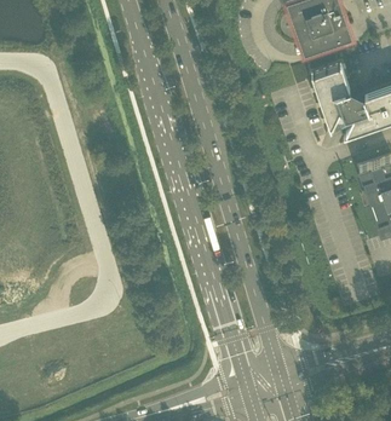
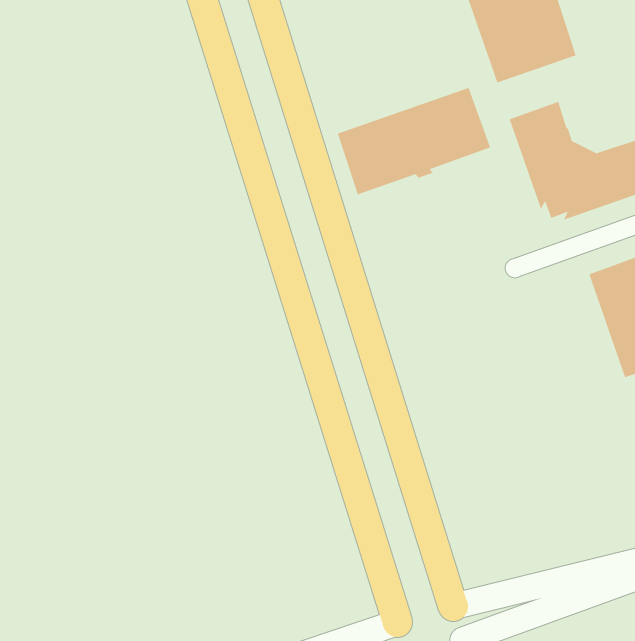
building: none -> [337,87,491,195]

